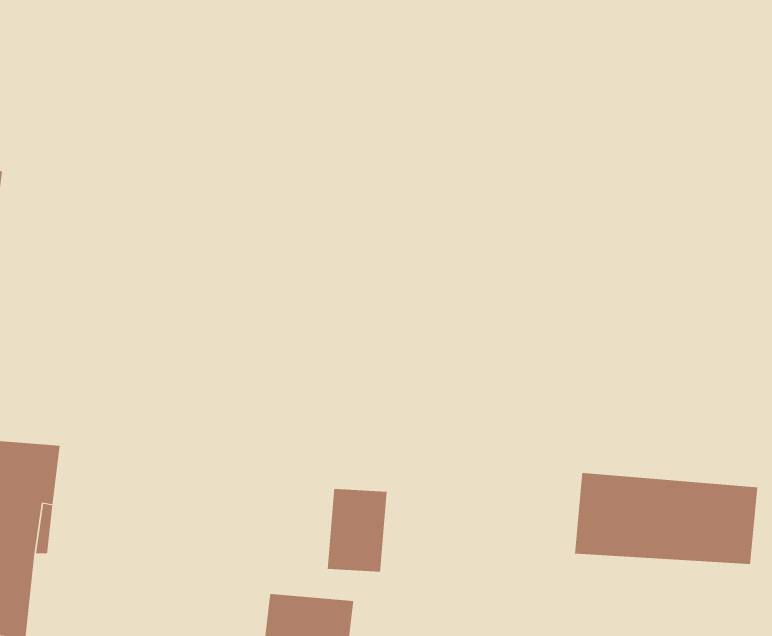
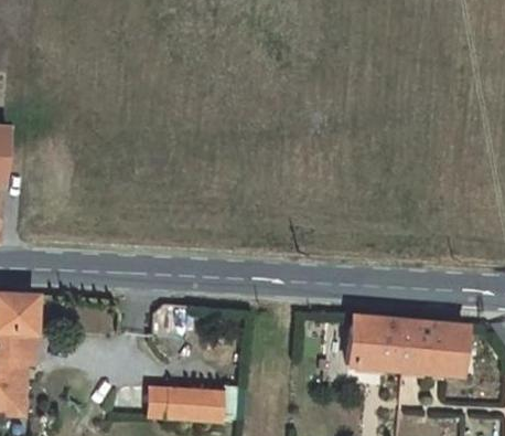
building: [327,488,387,572] -> none

